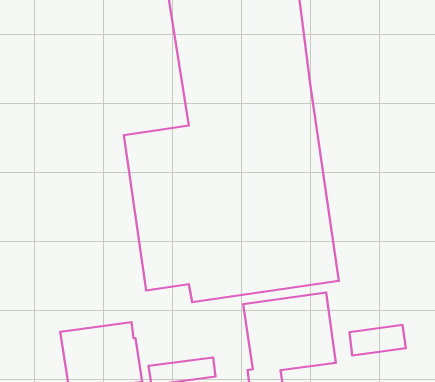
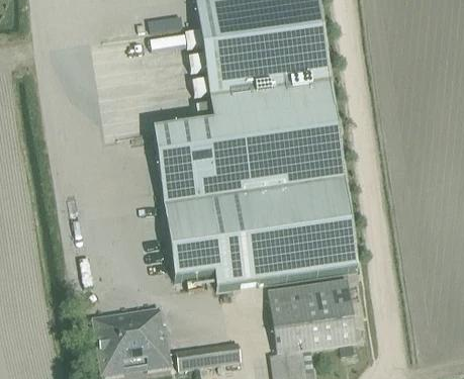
building: [349,325,406,356] -> none

